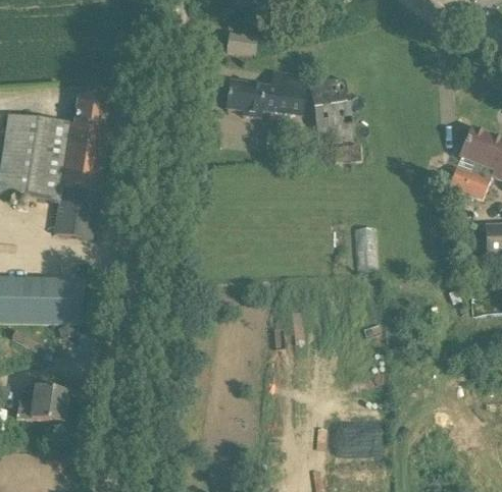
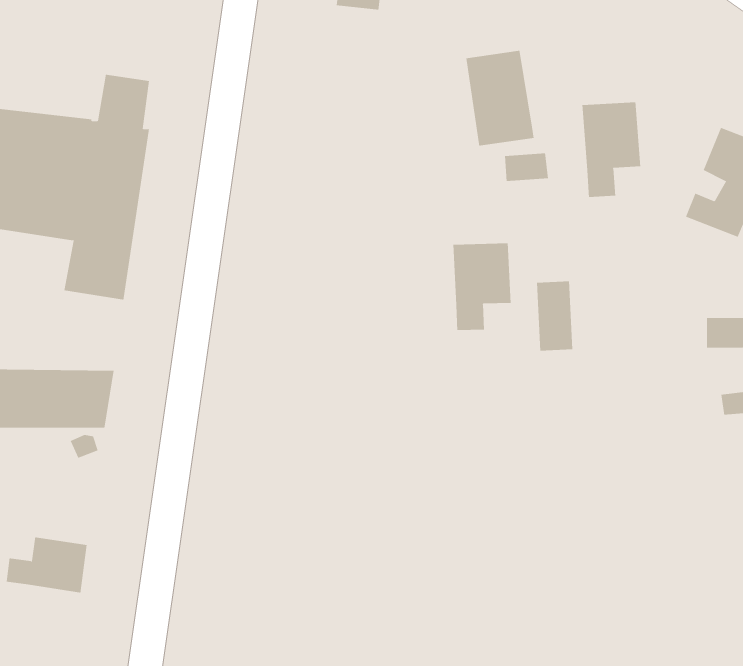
building: [227,70,307,116] -> none
building: none -> [582,101,641,198]
building: none -> [453,243,511,331]

